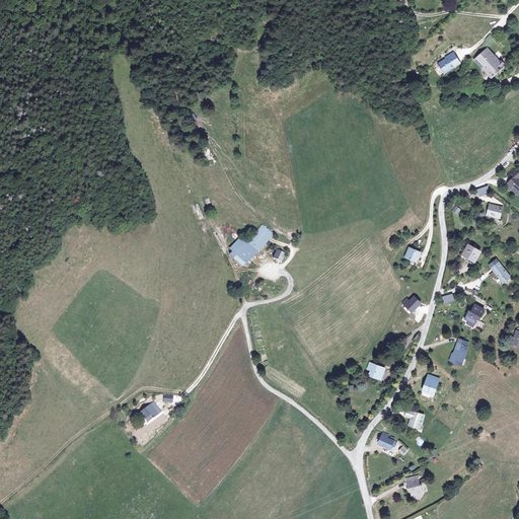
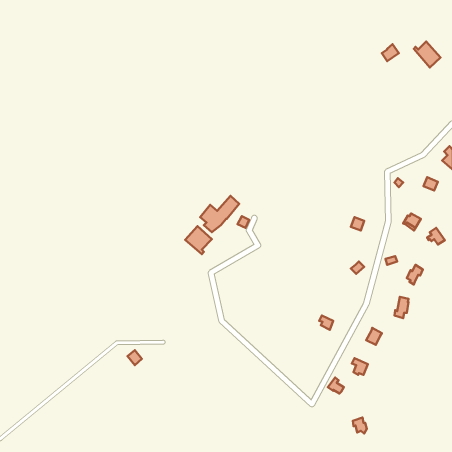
building: none -> [185,226,212,254]

